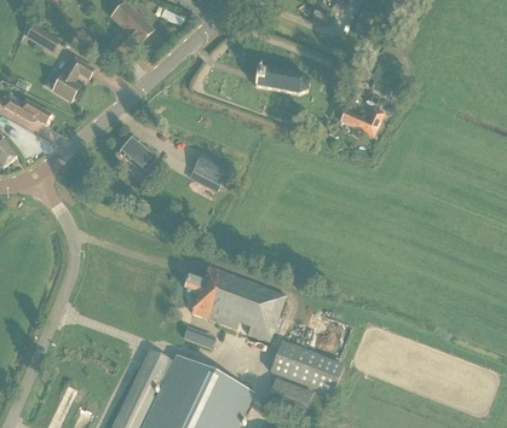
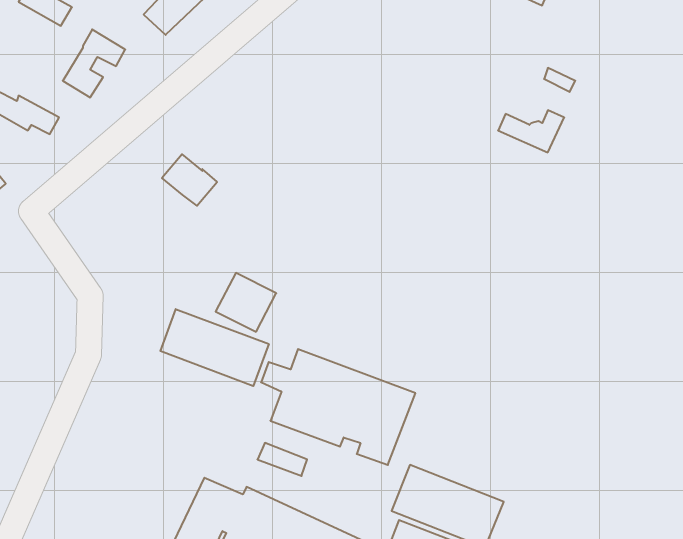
building: [254,65,309,93] -> none
building: [189,152,229,191] -> [216,273,276,332]
building: none -> [160,309,269,386]

